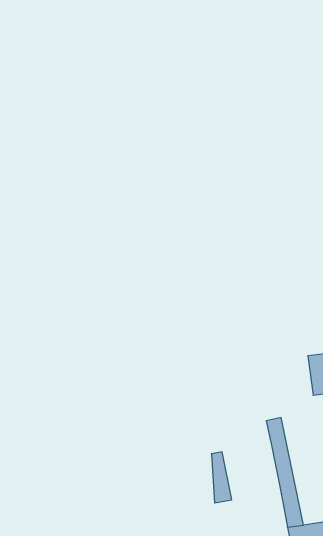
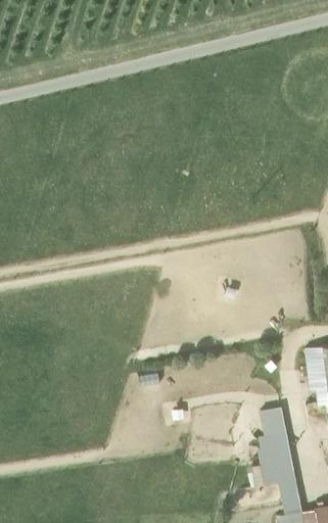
building: [211,452,232,503] -> [260,434,279,483]

